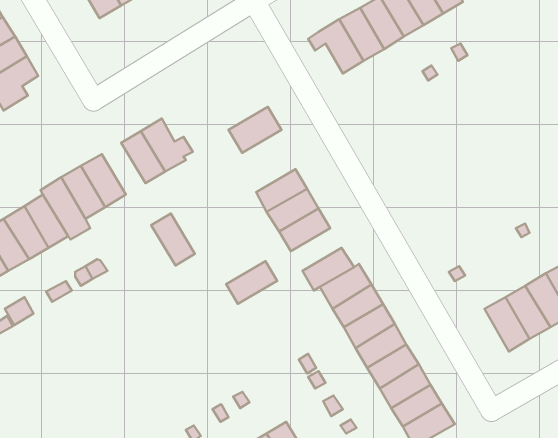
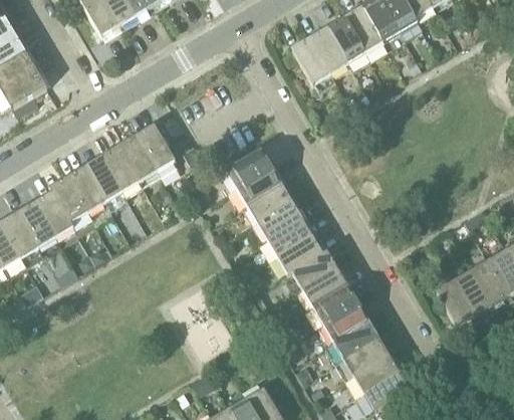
building: [228,107,282,153] -> [225,147,271,187]
building: [151,213,195,265] -> [102,144,141,189]
building: [226,261,277,304] -> [267,218,311,255]

